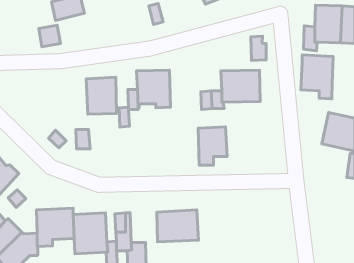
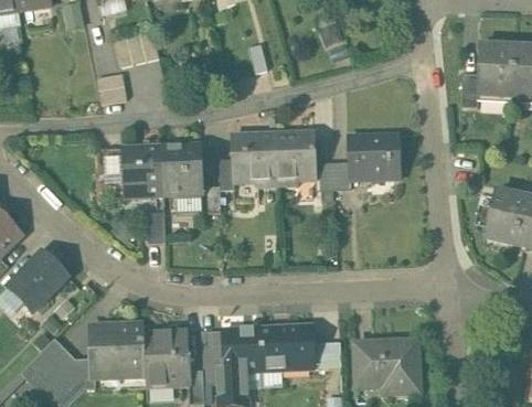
building: [251,36,266,61] -> none
building: [301,55,333,99] -> none
building: none -> [121,144,163,196]
building: [198,127,227,165] -> [276,131,316,184]
building: none -> [222,329,259,371]
building: none -> [355,340,419,393]
building: none -> [315,342,341,367]

